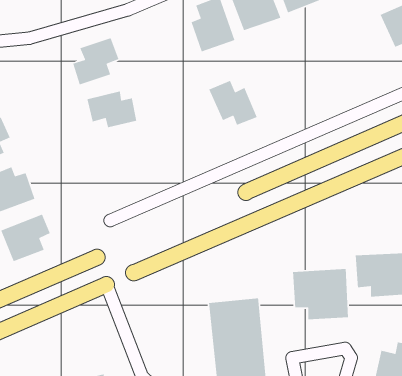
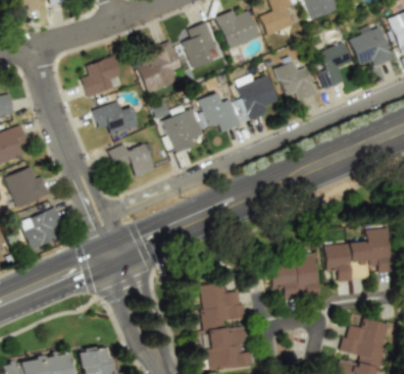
building: none -> [137,42,185,93]
building: none -> [316,42,353,90]
building: none -> [274,57,318,100]
building: none -> [237,75,279,121]
building: none -> [162,108,203,154]
building: none -> [109,141,155,178]

